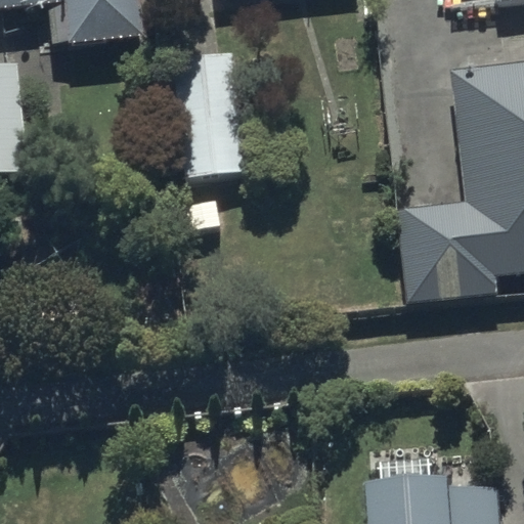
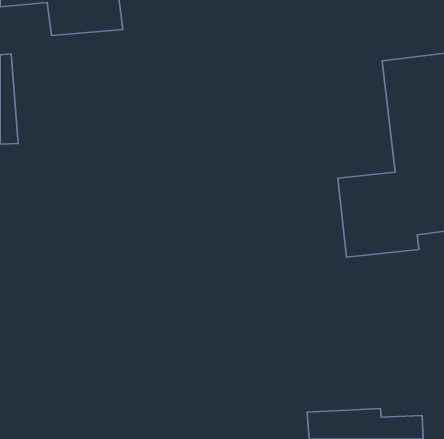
building: [172,53,242,178] -> none

